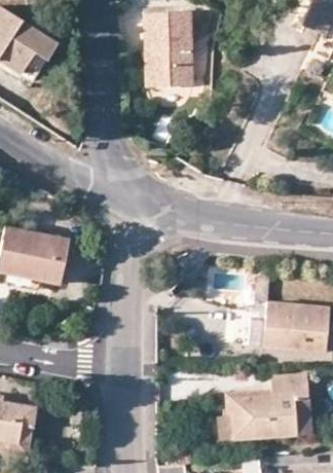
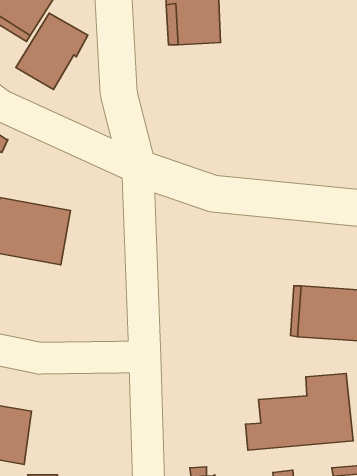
building: none -> [16,13,88,89]

